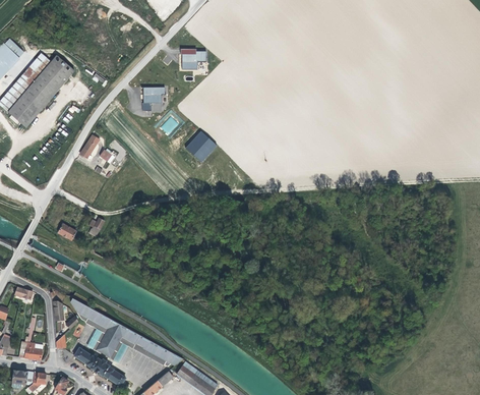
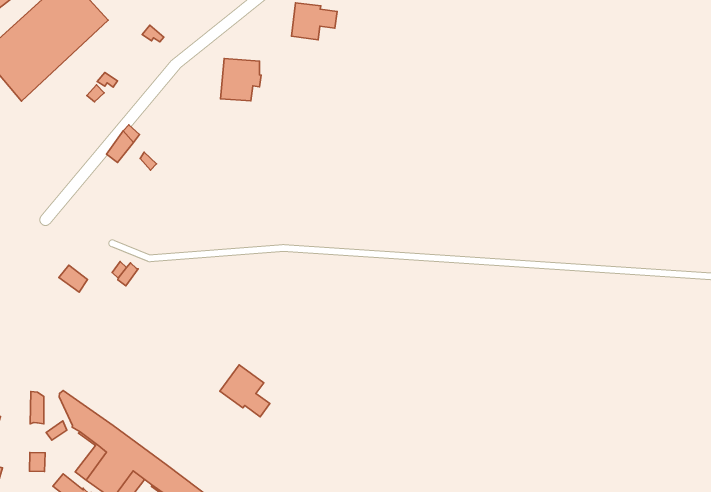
building: [186,131,218,163] -> none
building: none -> [220,365,270,417]

